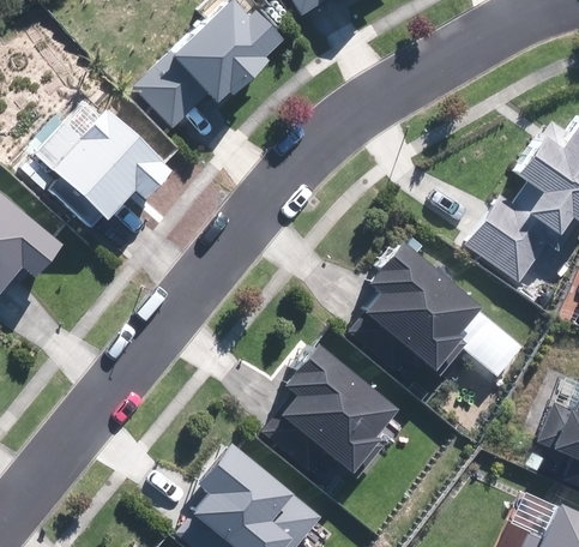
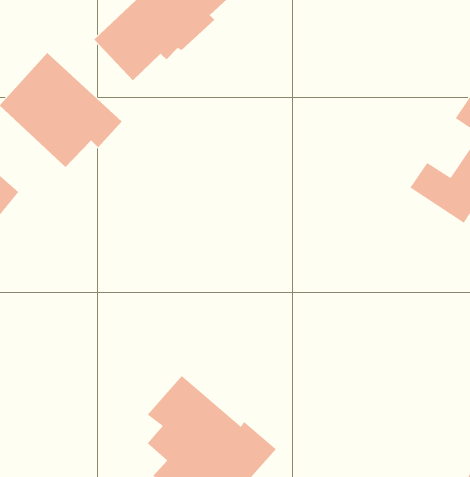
building: [361,236,476,368] -> none
building: [278,338,392,469] -> none

